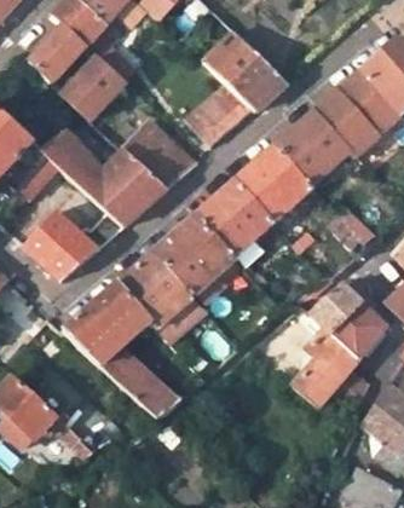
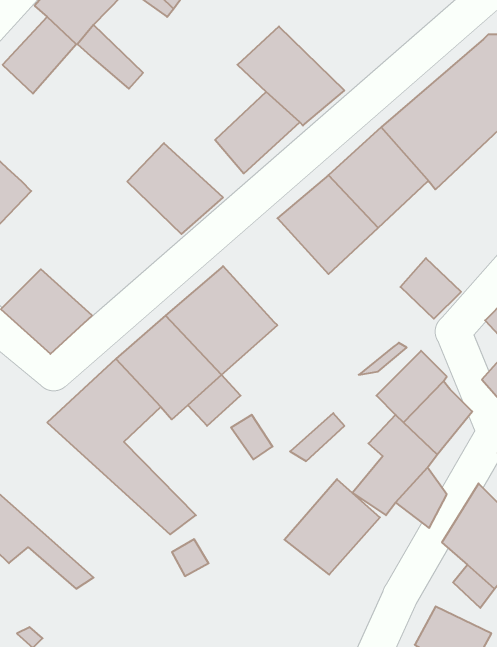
building: [62,57,127,121] -> none
building: [42,131,163,226] -> none
building: [195,178,275,256] -> none
building: none -> [284,479,380,575]

